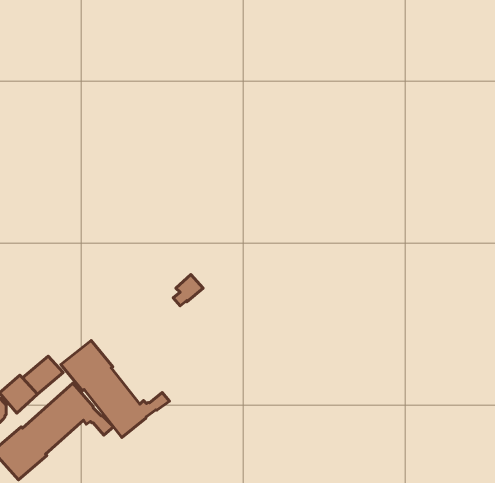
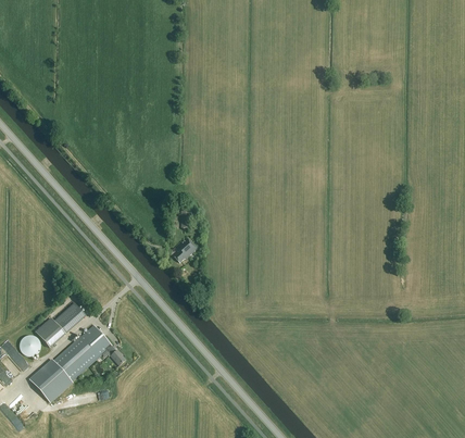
building: [61,340,170,438] -> none

